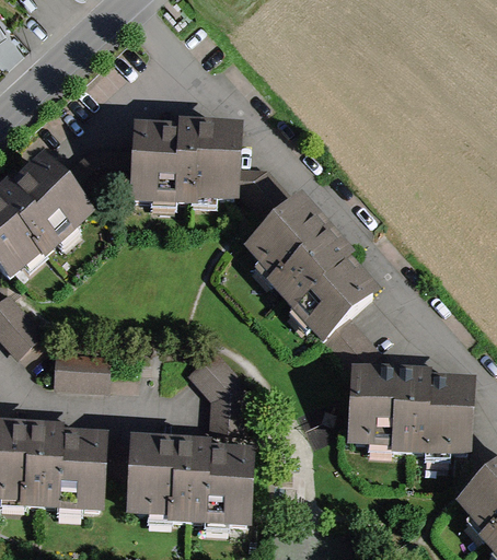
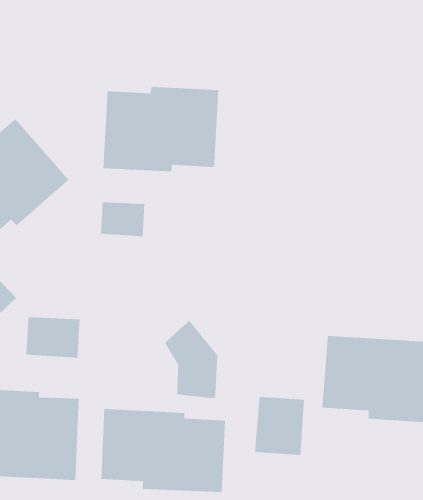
building: [246,195,374,336] -> none
building: none -> [100,202,145,237]
building: none -> [254,396,305,456]

